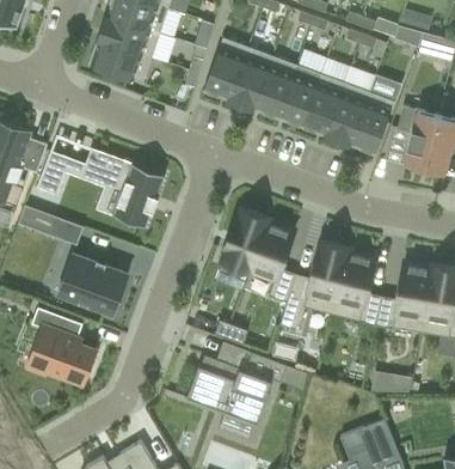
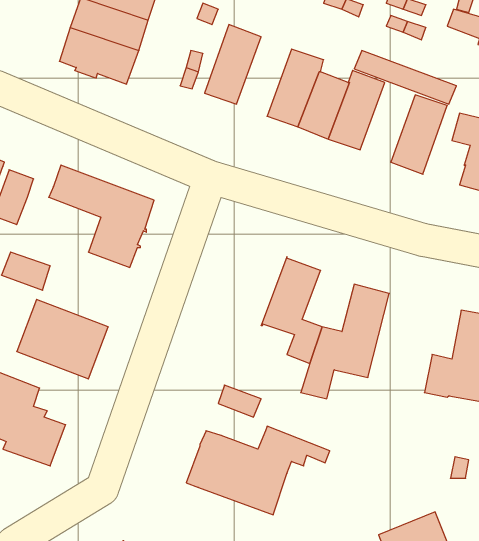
building: [228,47,271,109] -> none
building: [325,83,368,145] -> none
building: [221,208,268,273] -> none
building: [331,248,381,325] -> none

